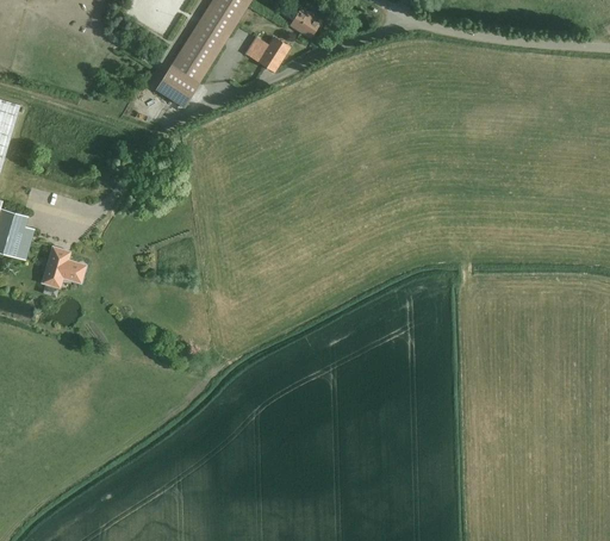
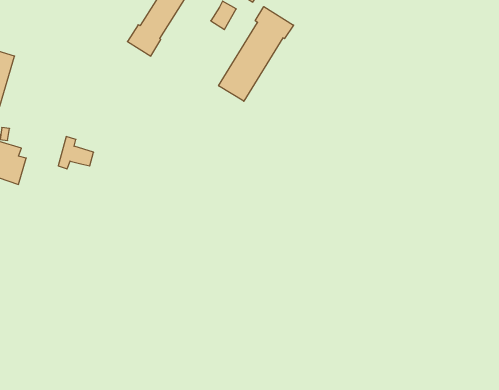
building: none -> [219,7,294,101]
building: [41,245,83,285] -> [58,137,94,169]

